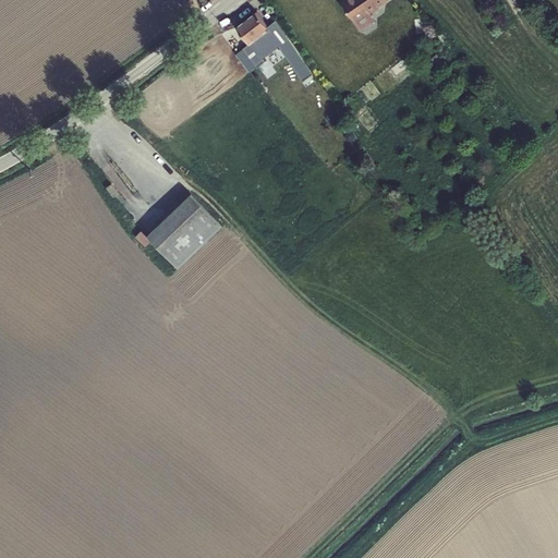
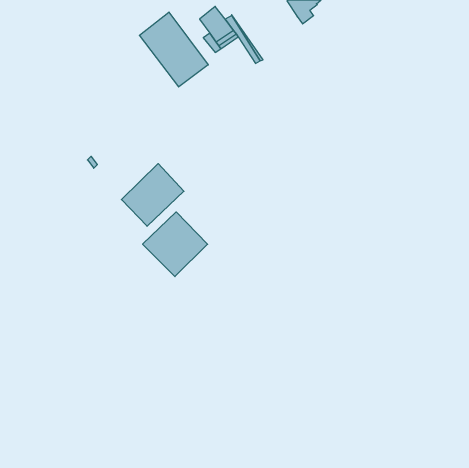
building: none -> [139,12,208,87]
building: none -> [143,212,208,277]

